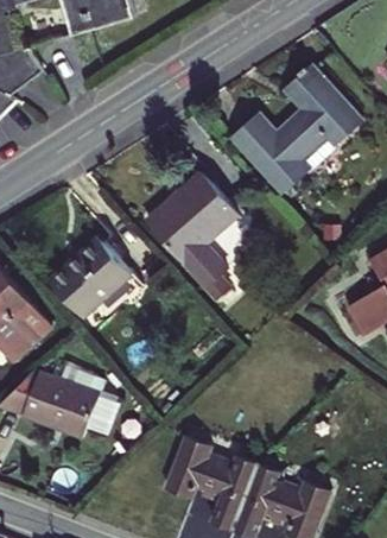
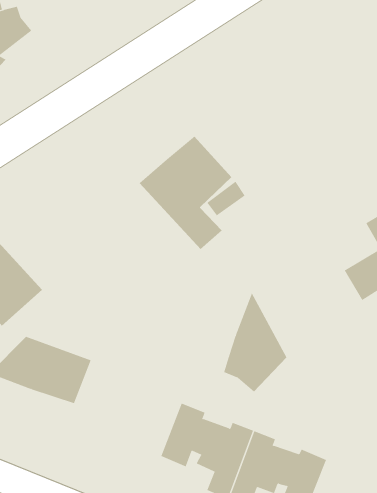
building: [230,64,360,191] -> none
building: [47,236,129,317] -> none
building: none -> [223,292,287,392]

